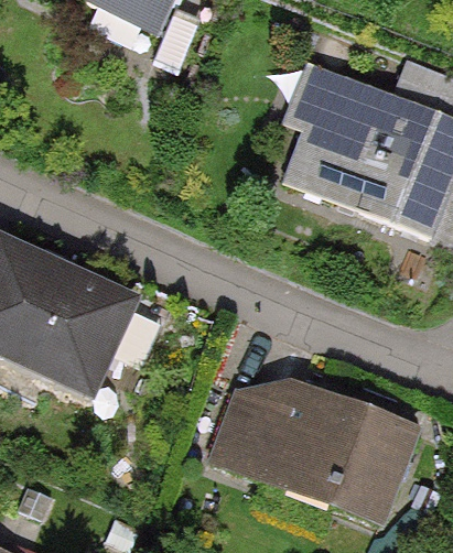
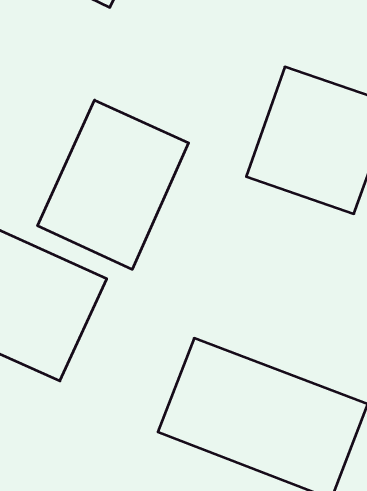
building: none -> [38,100,189,269]

